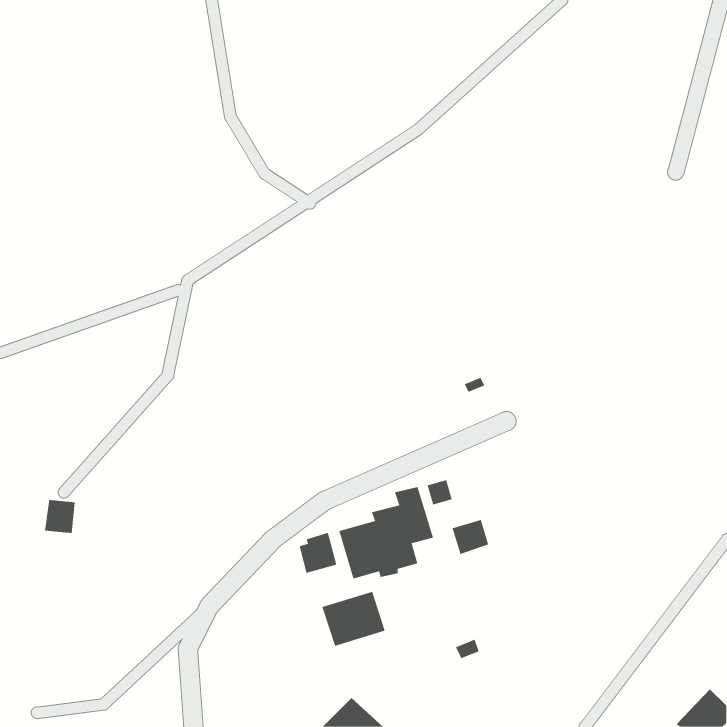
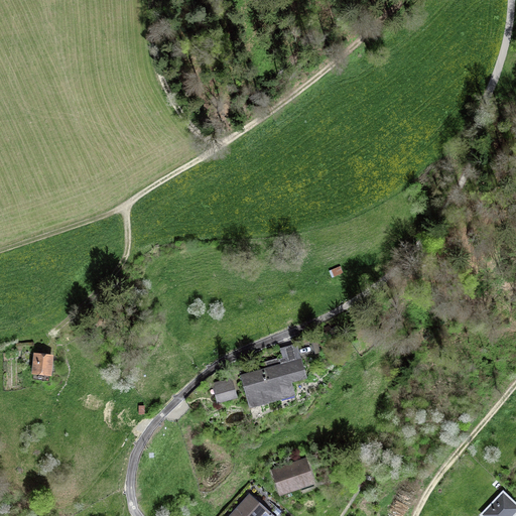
building: [452,519,489,555] -> none
building: [322,591,386,647] -> [270,459,315,498]

